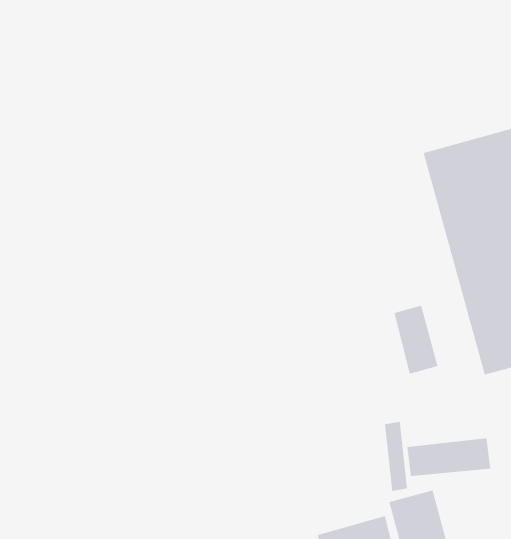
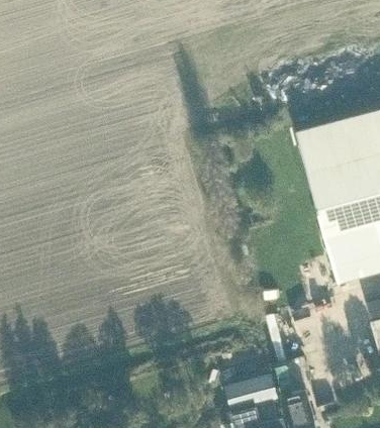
building: [394,305,438,375] -> none
building: [407,438,491,477] -> none

